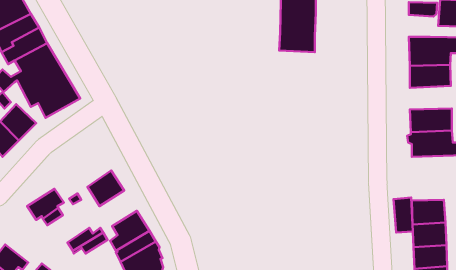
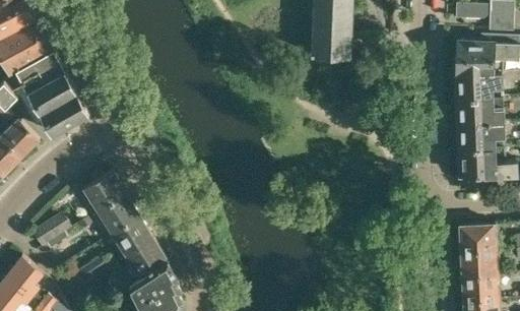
building: none -> [456,98,503,124]
building: none -> [83,171,124,210]
building: none -> [111,214,152,254]
building: [393,197,413,233] -> none
building: none -> [6,256,43,295]

